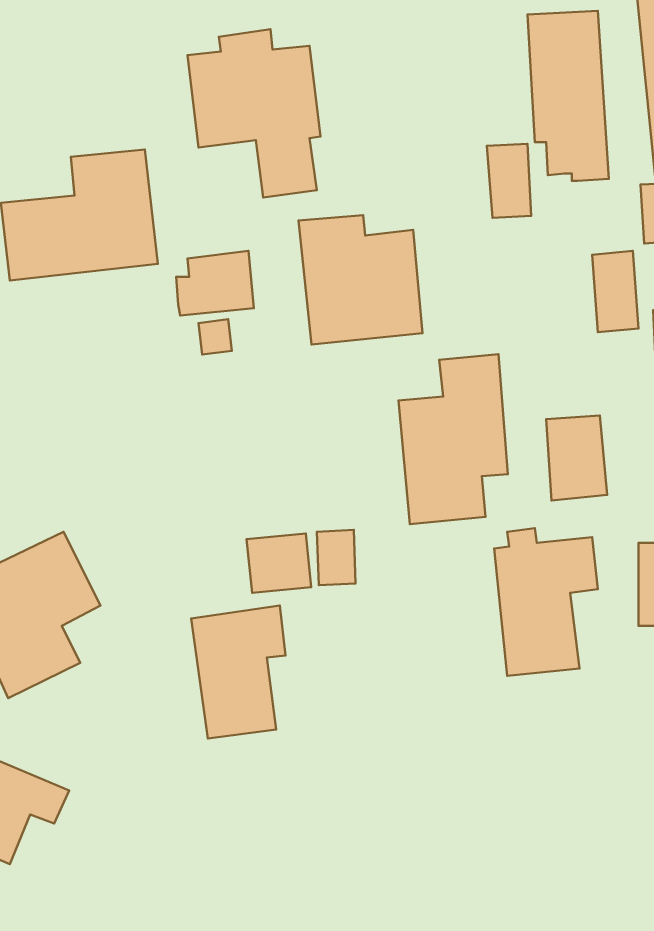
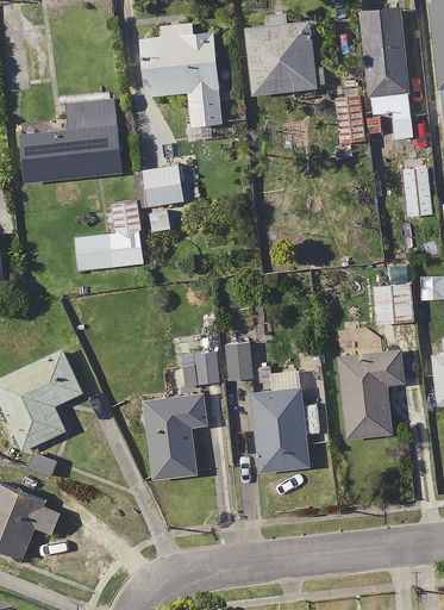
building: [298,215,422,344] -> [244,12,324,95]
building: none -> [74,199,142,270]
building: [399,354,508,524] -> [251,363,321,473]

